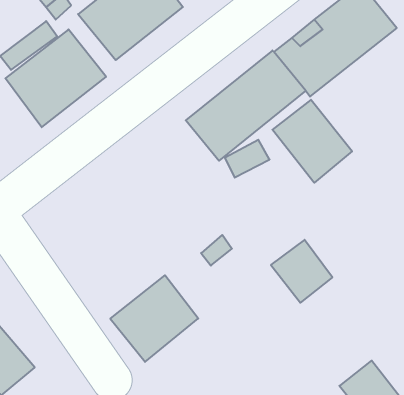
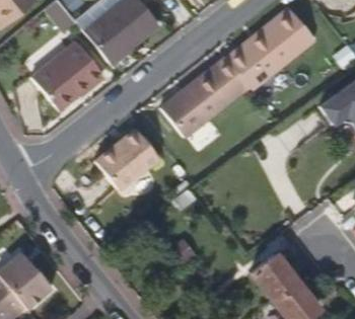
building: [272,100,352,183] -> none
building: [271,240,332,303] -> [253,253,297,299]
building: [110,275,198,362] -> [96,126,160,188]

